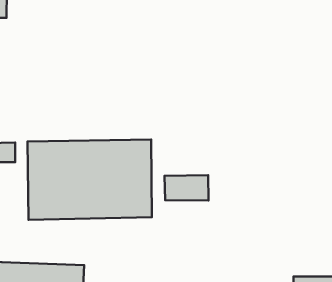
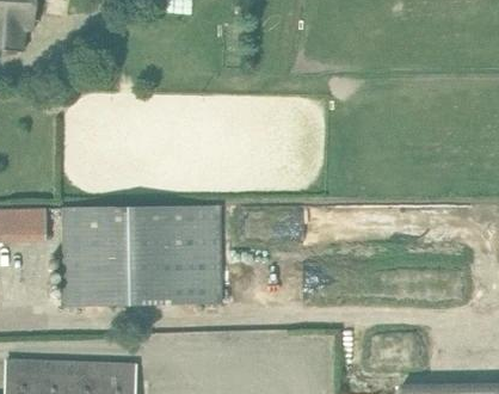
building: [165,175,209,201] -> none

